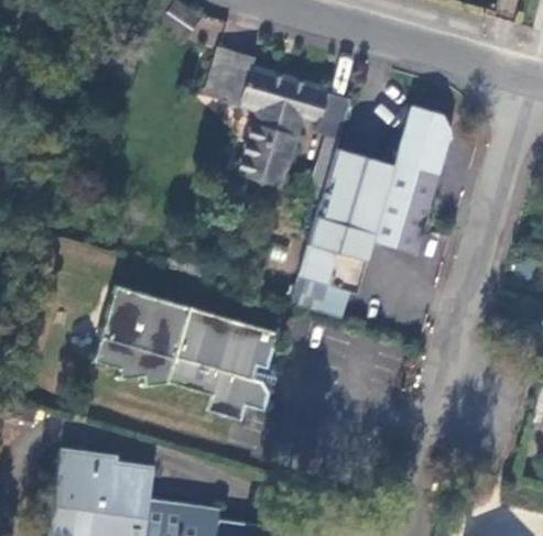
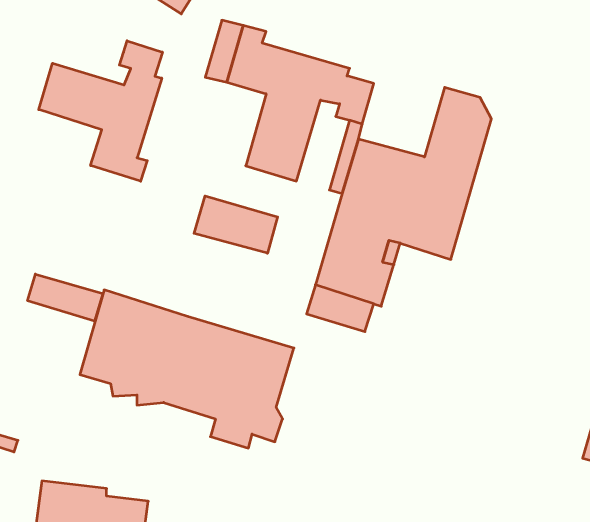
building: none -> [39,41,162,181]
building: none -> [194,196,278,253]
building: none -> [28,274,103,321]

